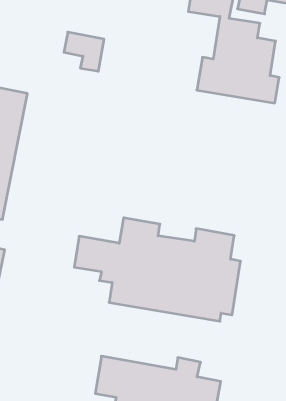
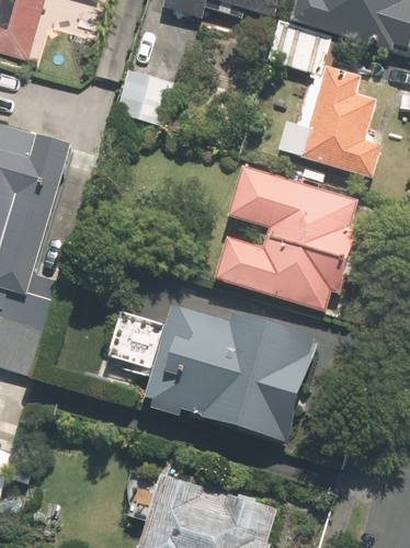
building: none -> [216,165,362,309]

